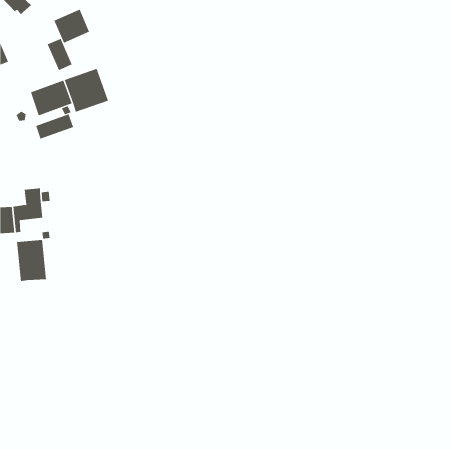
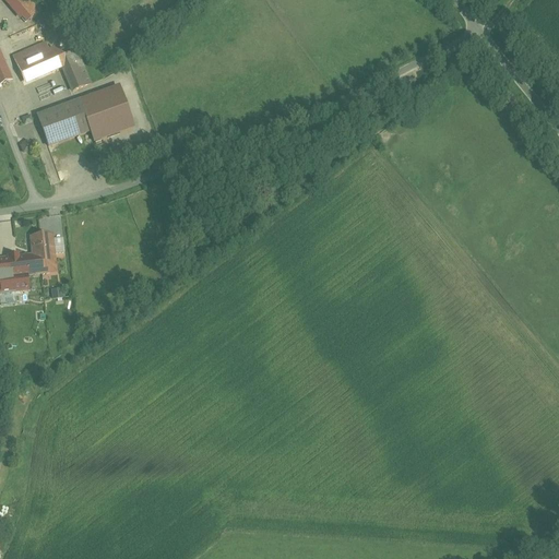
building: [54,9,90,43] -> [12,39,57,82]
building: [35,114,74,140] -> none
building: [16,239,47,282] -> none

